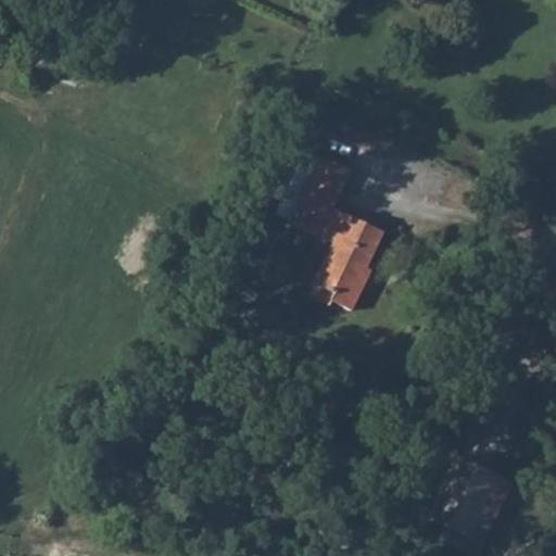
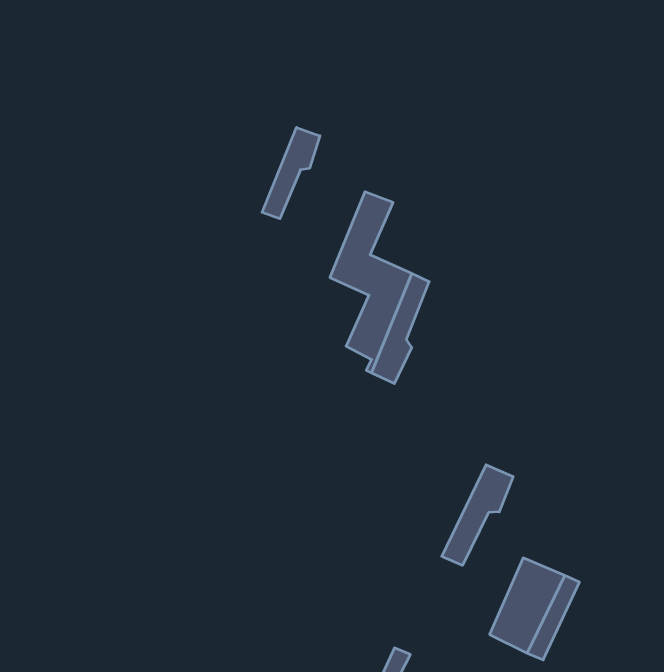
building: none -> [262,127,320,219]
building: none -> [442,465,513,565]

